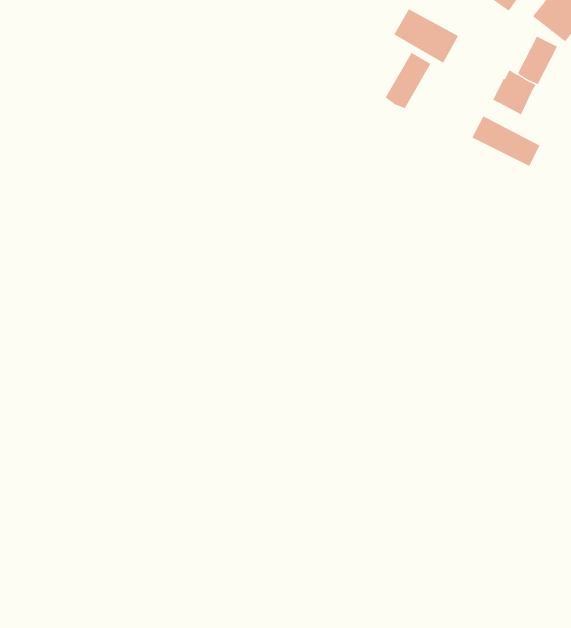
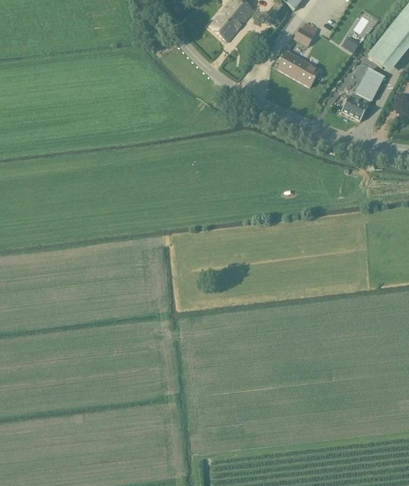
building: [385,52,431,110] -> none
building: [471,116,540,167] -> none

